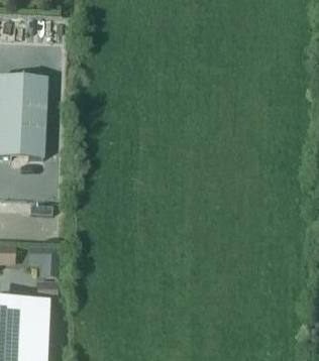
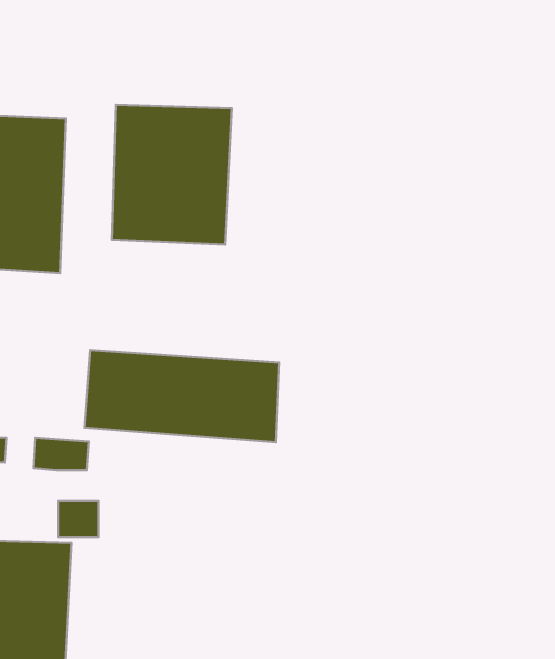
building: none -> [112,105,232,245]
building: none -> [85,350,279,442]

